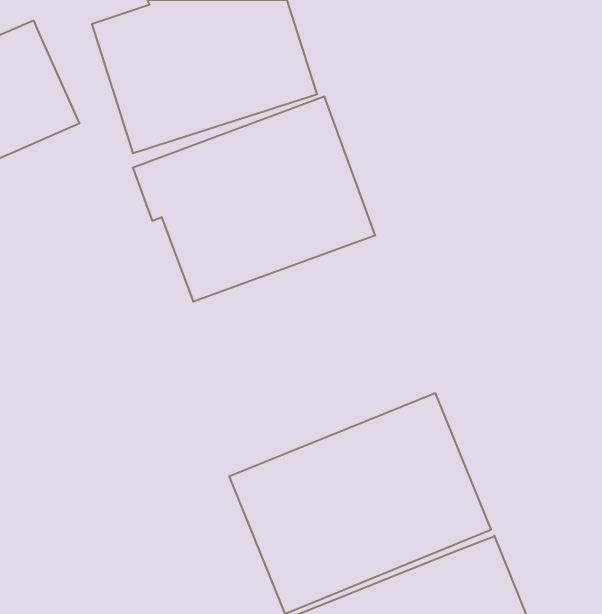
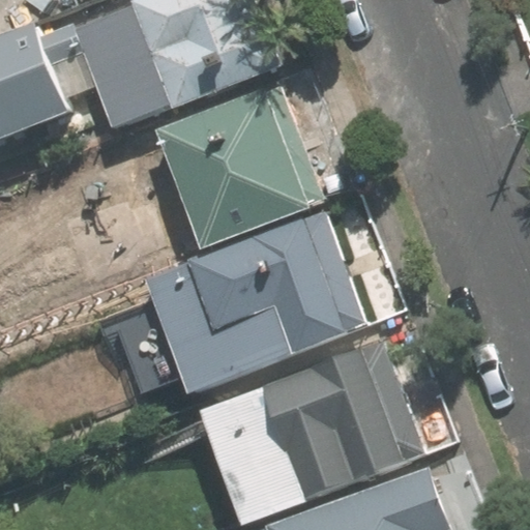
building: none -> [150,217,365,388]

